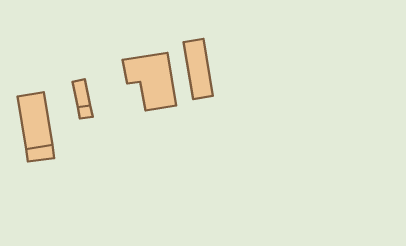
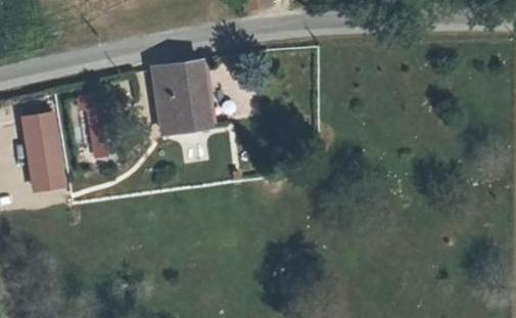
building: [184,39,213,99] -> none

